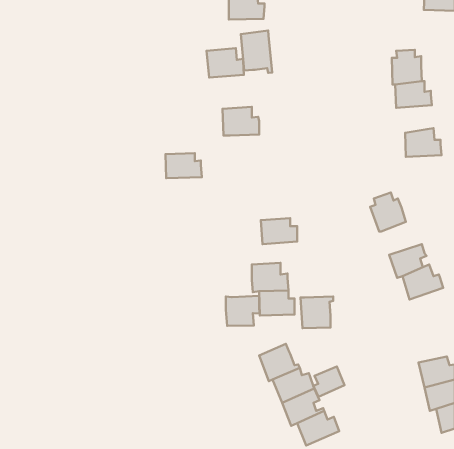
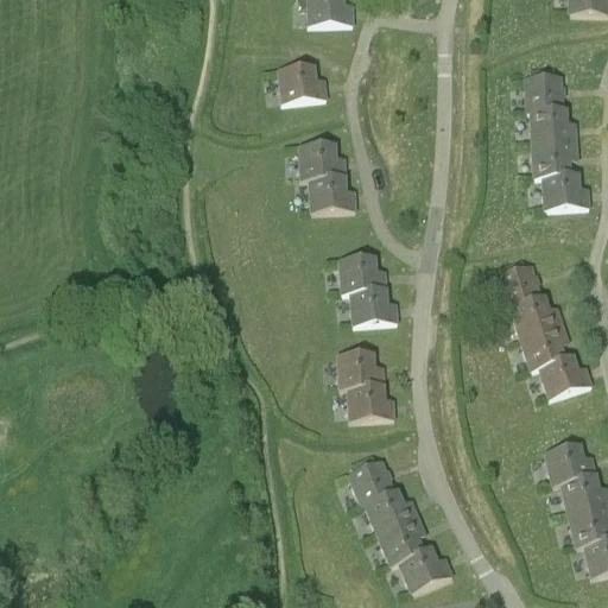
building: [241,30,272,73] -> none
building: none -> [530,140,578,178]
building: [165,153,202,178] -> [308,179,356,213]
building: none -> [337,254,388,294]
building: none -> [509,294,564,340]
building: [226,296,260,326] -> none
building: [300,297,333,328] -> none
building: none -> [543,443,597,486]
building: [313,367,344,397] -> none

